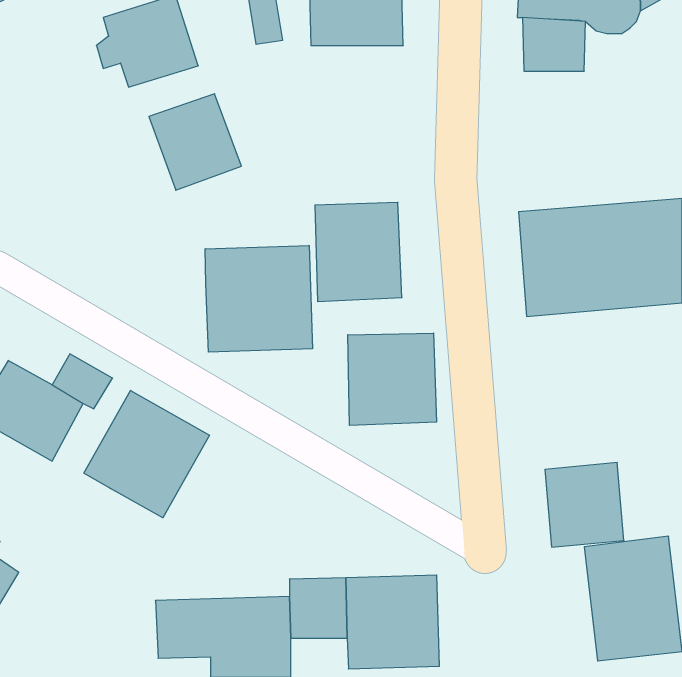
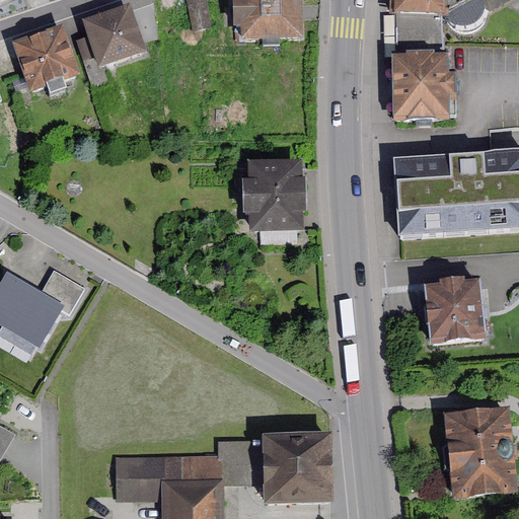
building: none -> [390,54,455,123]
building: [149,94,241,190] -> [9,17,79,90]
building: [205,245,312,352] -> none
building: [348,333,436,425] -> none
building: [84,390,209,518] -> none
building: [545,463,624,547] -> [424,280,484,344]

